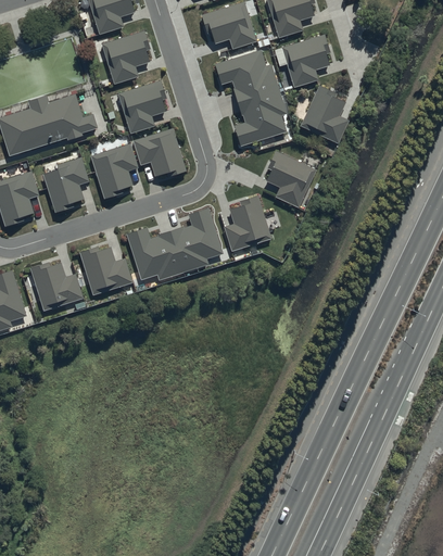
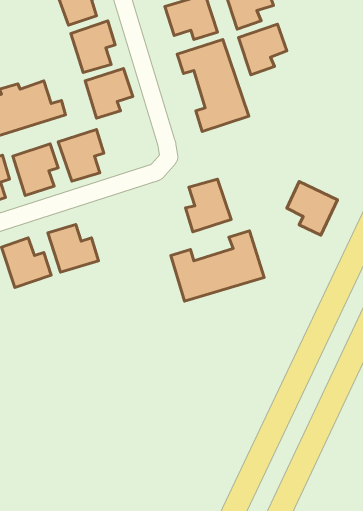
building: [301,85,349,143] -> none
building: [134,128,187,181] -> none
building: [263,151,316,207] -> [287,181,337,235]
building: [127,207,225,281] -> [171,231,264,301]

